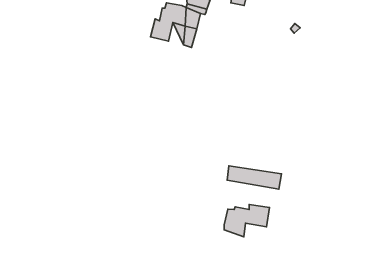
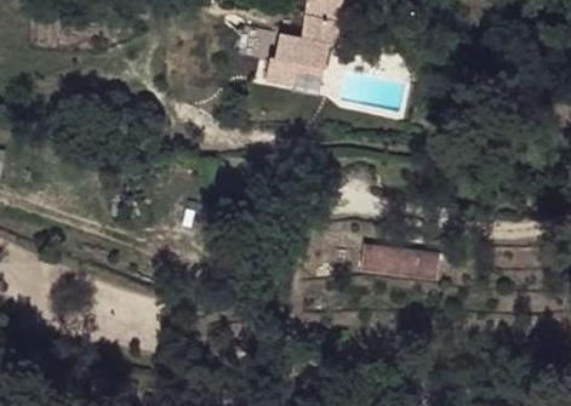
building: [224,205,269,237] -> none

